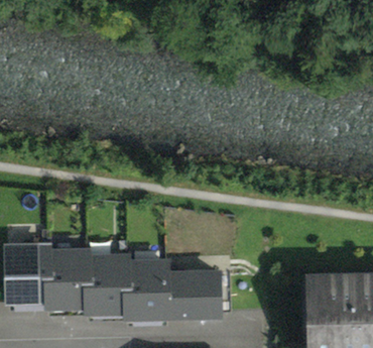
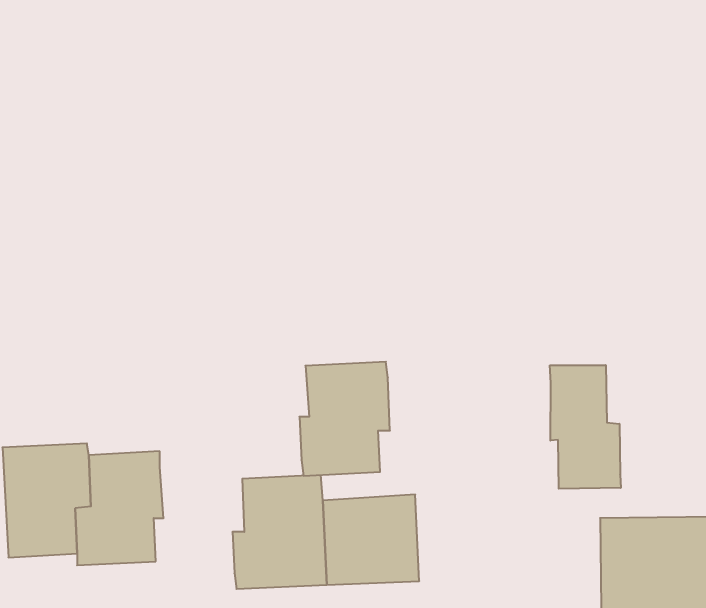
building: none -> [550,365,621,489]
building: [83,254,129,313] -> [299,362,390,476]

